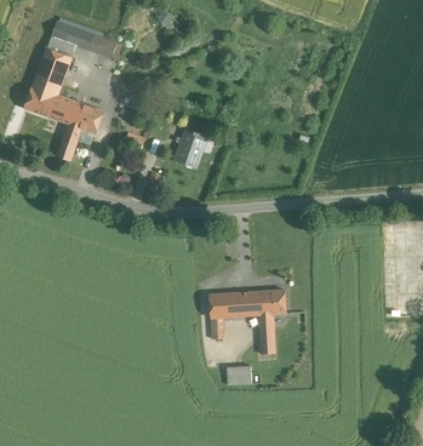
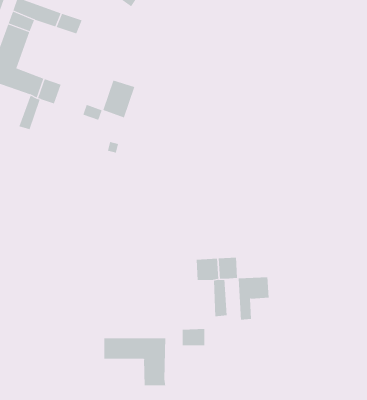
building: [173,128,207,168] -> [102,80,135,118]
building: [210,293,242,338] -> [238,277,269,320]
building: none -> [104,337,166,386]

